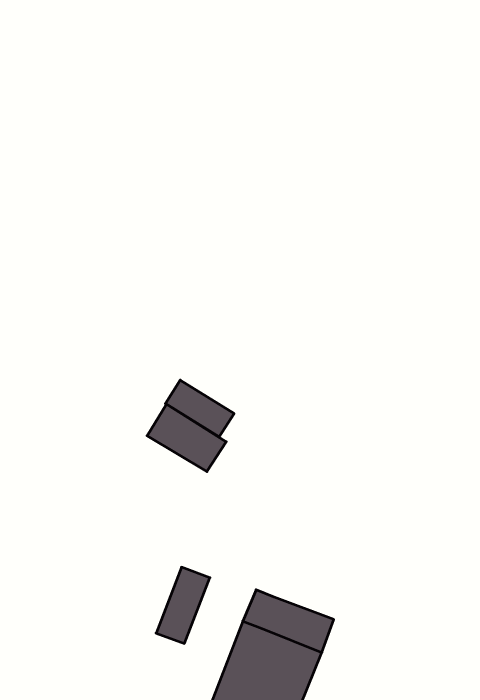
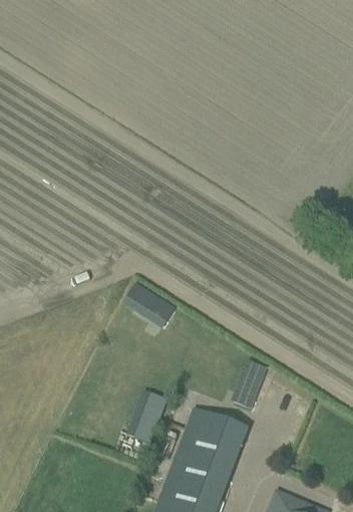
building: [165,380,234,437] -> none
building: none -> [234,362,266,410]

